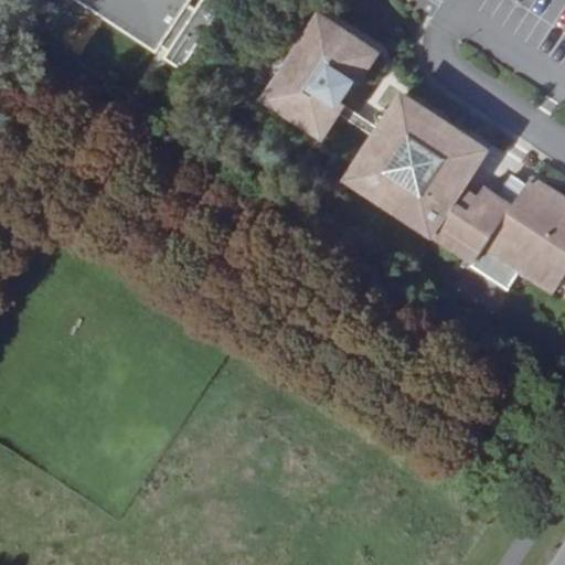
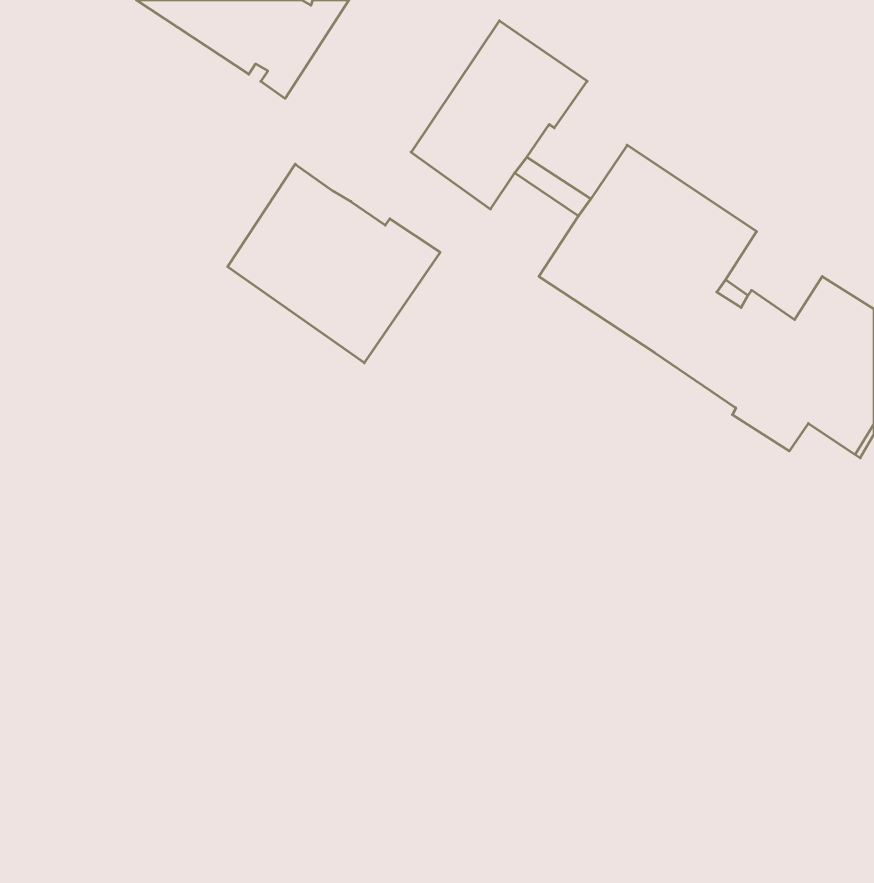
building: none -> [228,164,440,363]

